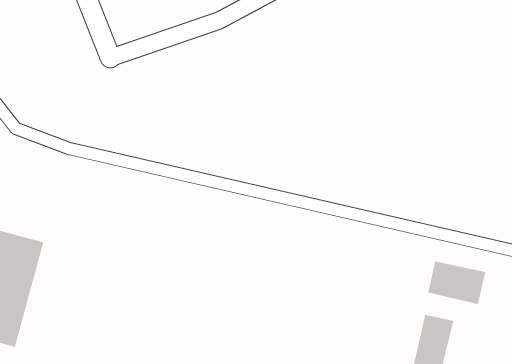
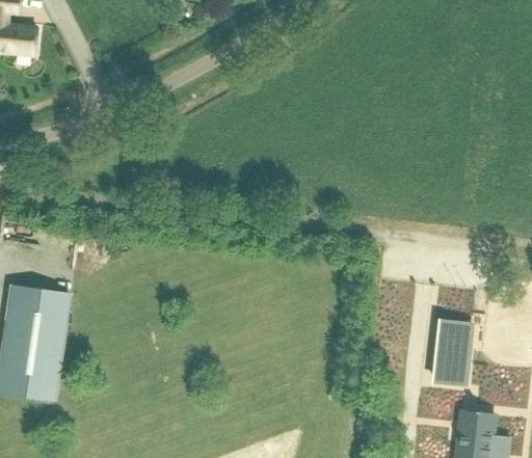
building: [428,261,486,305] -> none

